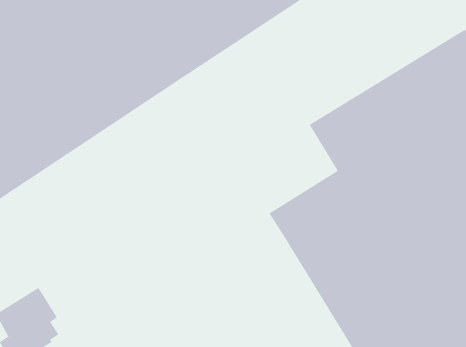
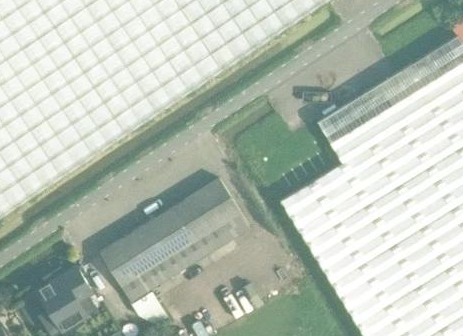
building: none -> [100,179,250,301]

